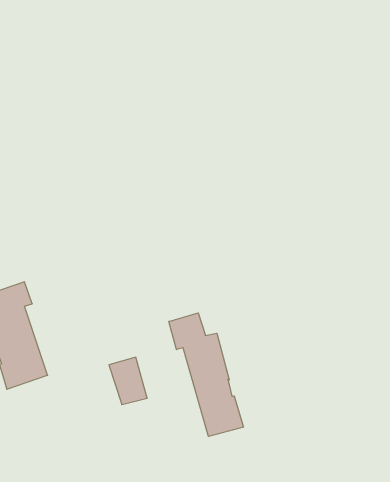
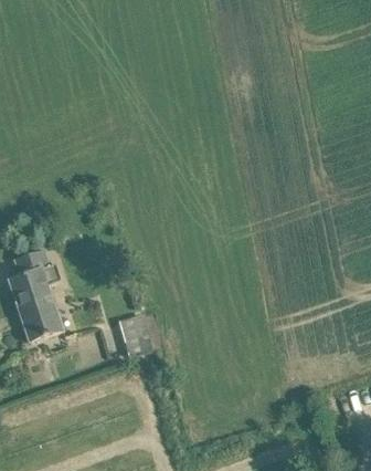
building: [169,313,243,436] -> none

